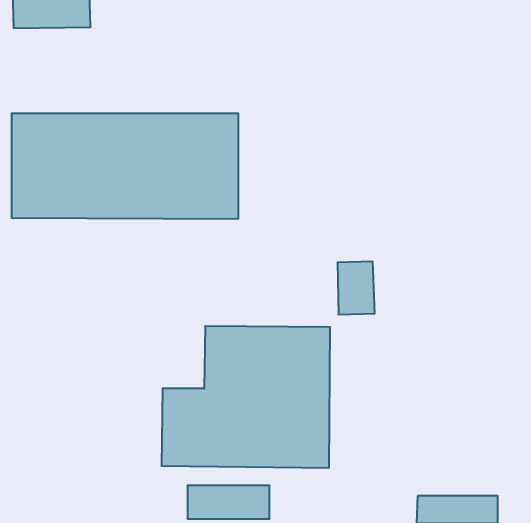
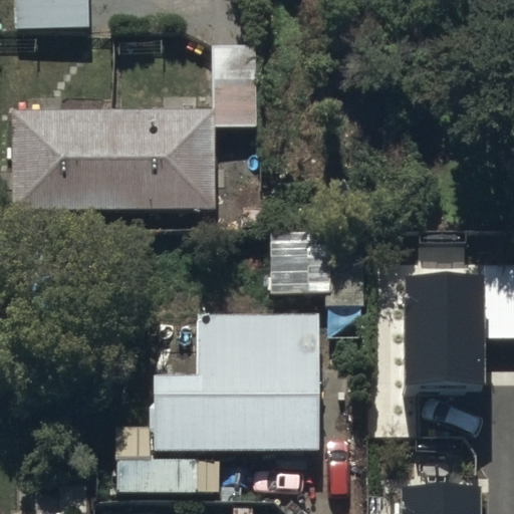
building: none -> [406,269,481,388]

